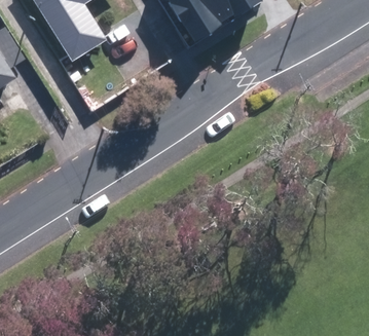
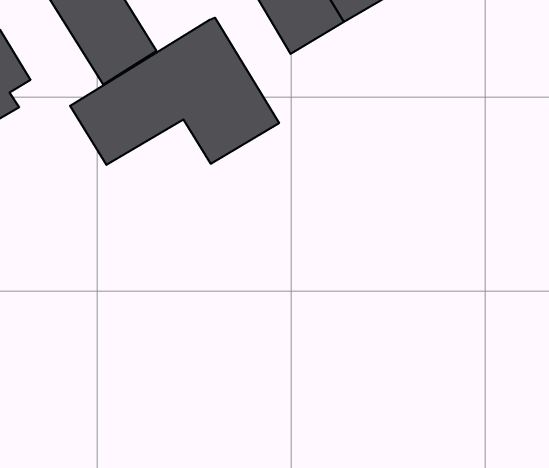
building: none -> [70,18,279,165]

